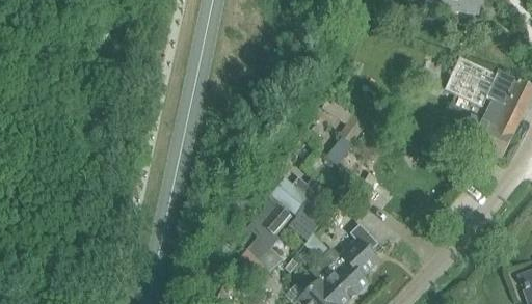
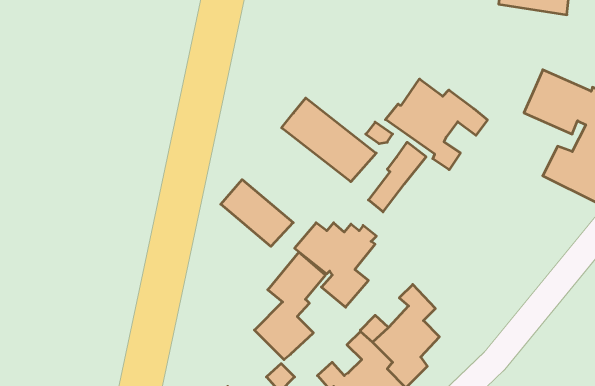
building: none -> [385,79,487,170]
building: none -> [282,98,376,182]
building: none -> [221,180,293,246]

